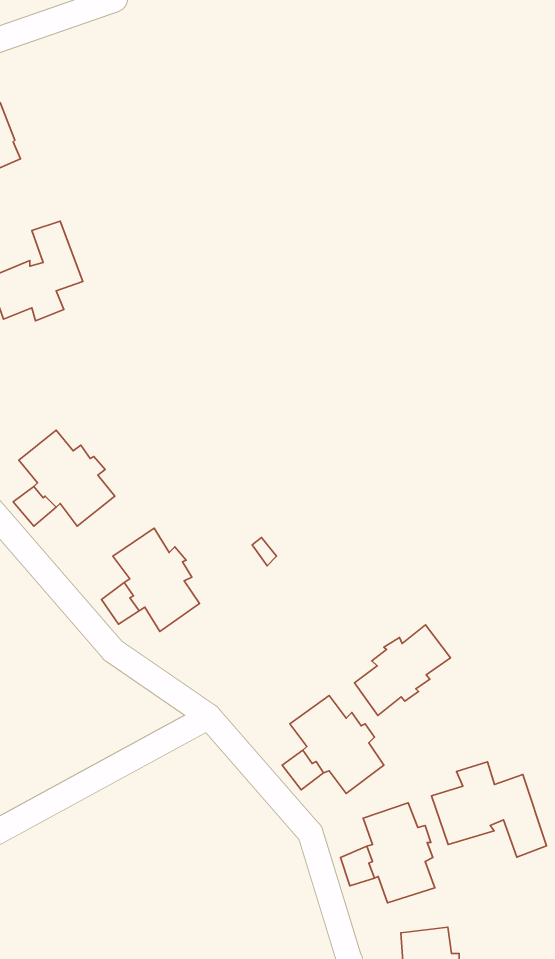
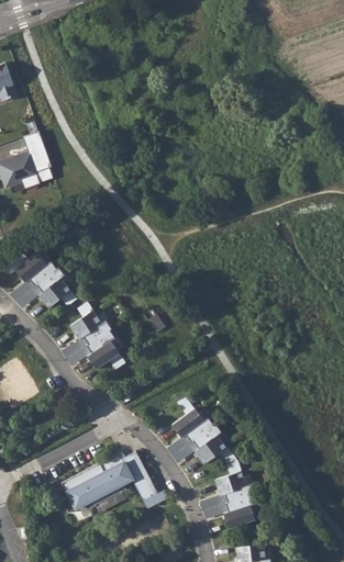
building: [354,625,451,716] -> none
building: [432,762,547,857] -> none
building: none -> [62,451,168,514]

